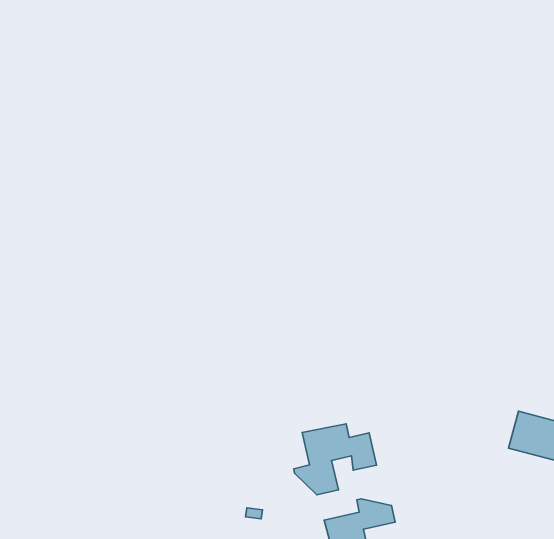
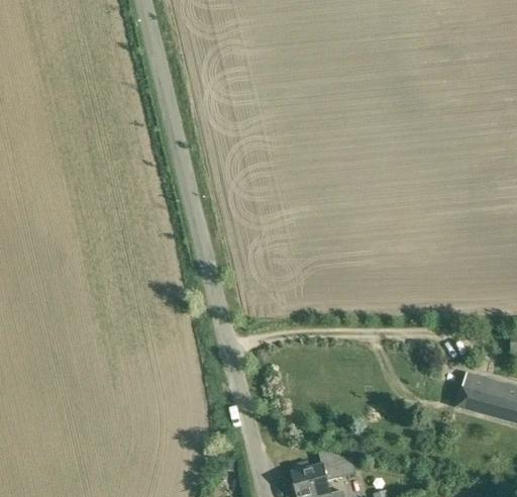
building: [294,424,377,495] -> none

